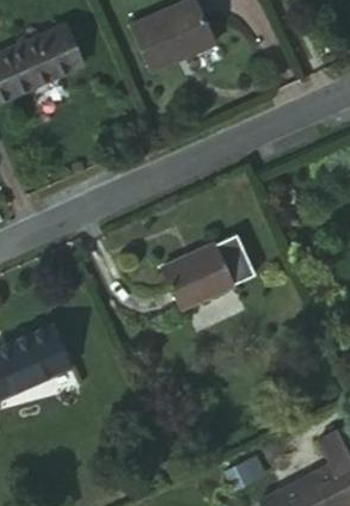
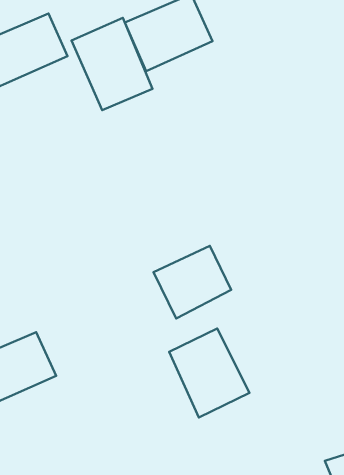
building: none -> [72,18,153,110]
building: none -> [169,329,250,418]

